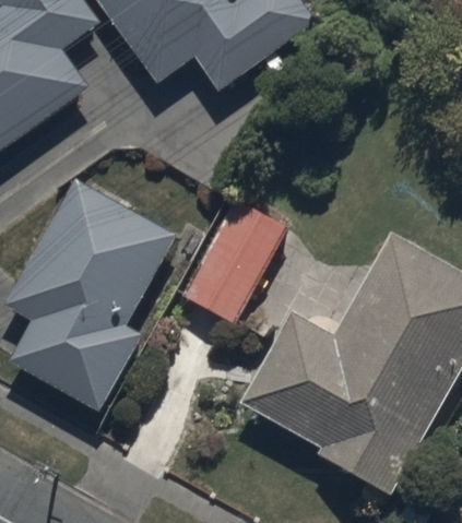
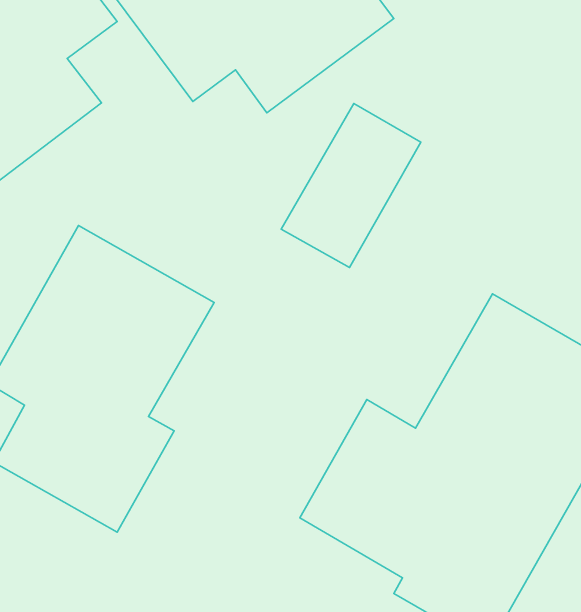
building: [181,198,288,323] -> [281,104,421,268]

